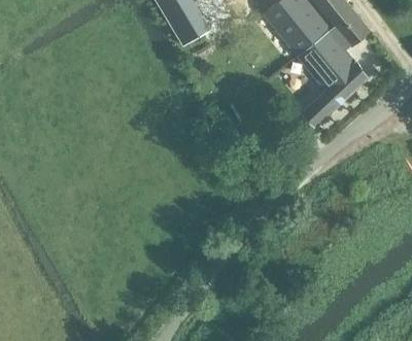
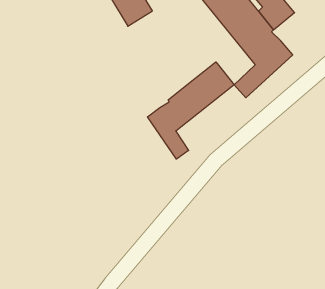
building: none -> [147,62,234,159]

